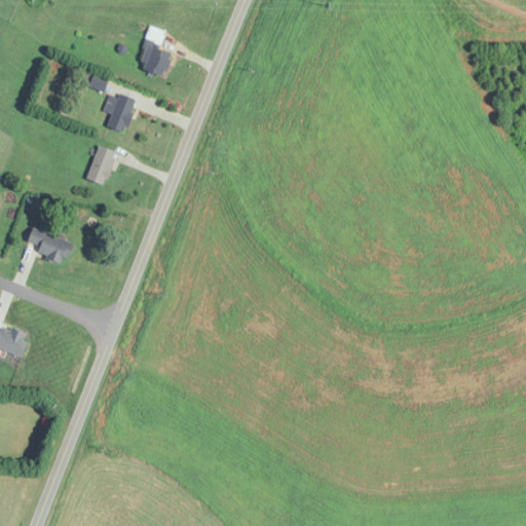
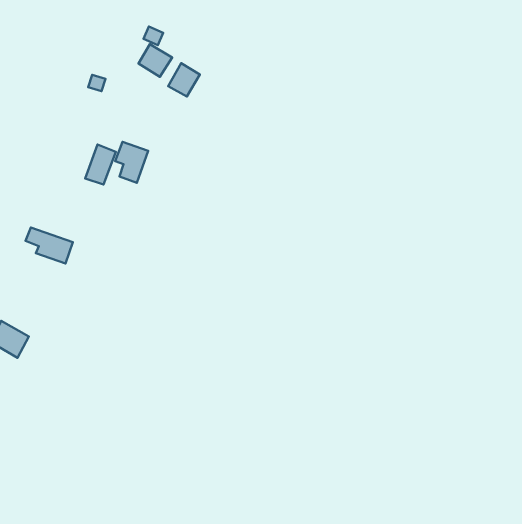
building: none -> [168,63,200,97]
building: [102,91,135,133] -> [115,142,148,183]

